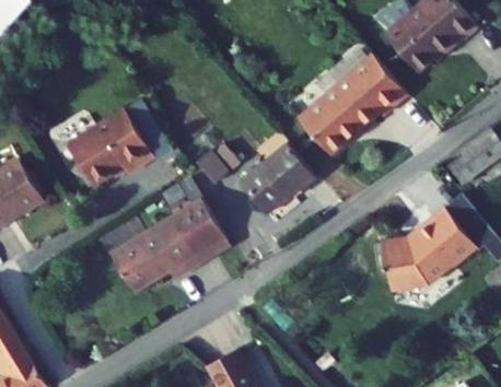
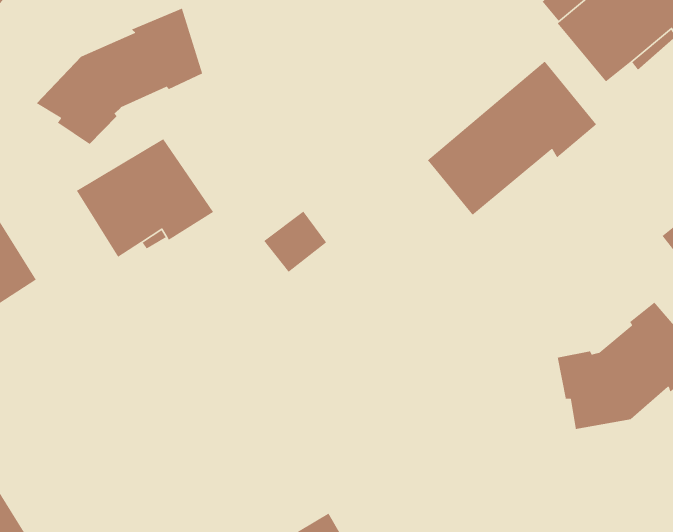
building: none -> [36,8,203,145]
building: [242,141,317,214] -> none
building: [112,192,230,284] -> none

